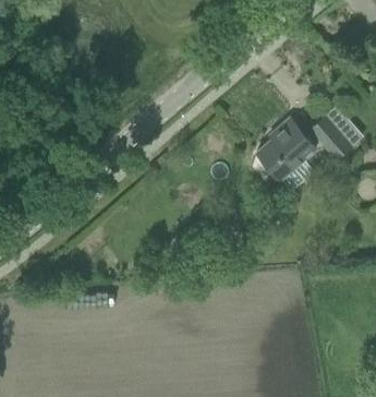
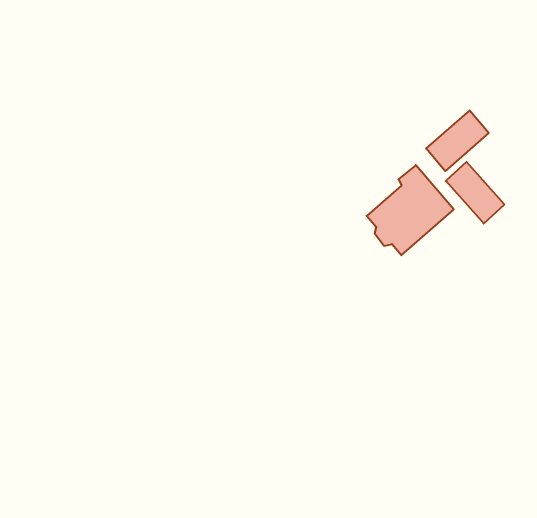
building: none -> [426,110,489,171]

